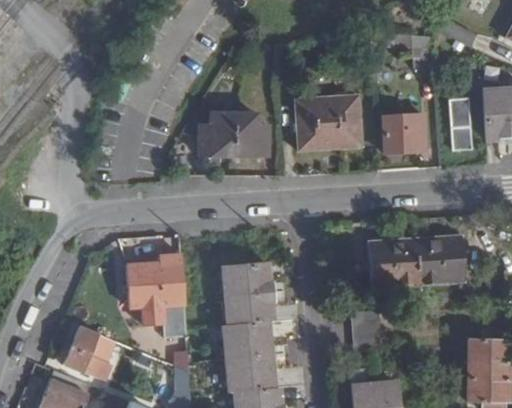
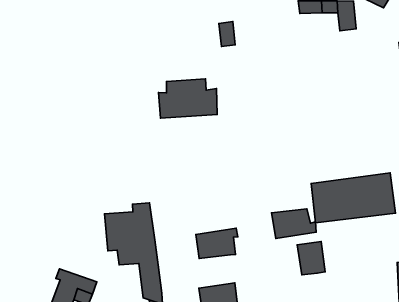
building: [296,98,362,152] -> none
building: [449,98,473,151] -> none
building: [385,116,425,152] -> none
building: [230,262,280,294] -> [272,209,316,239]
building: [229,320,274,356] -> none

